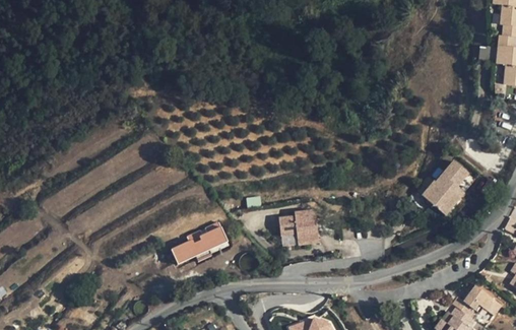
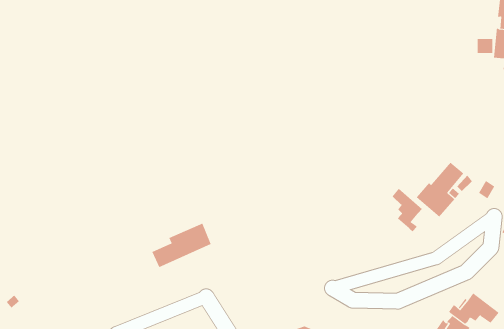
building: none -> [392,188,423,232]
building: [278,210,318,244] -> none

